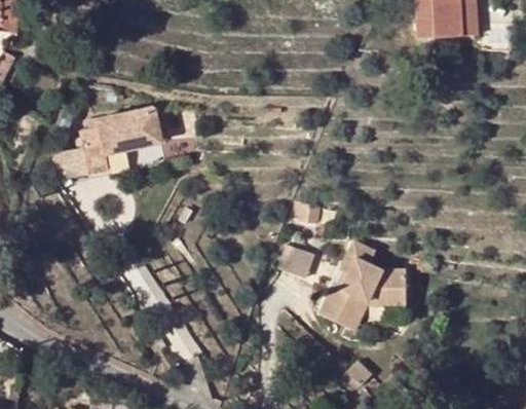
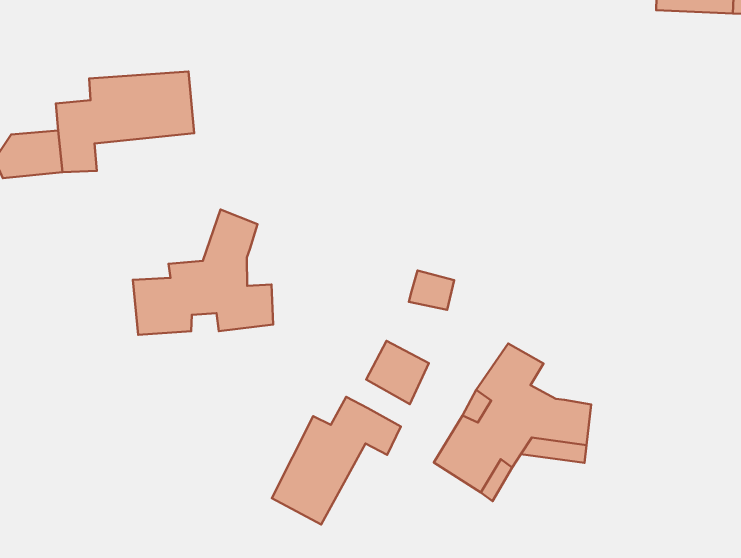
building: none -> [133,209,273,335]
building: none -> [272,397,401,524]

